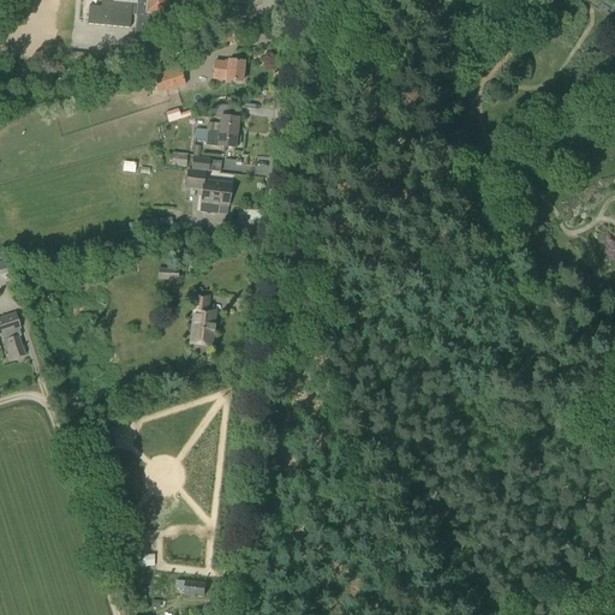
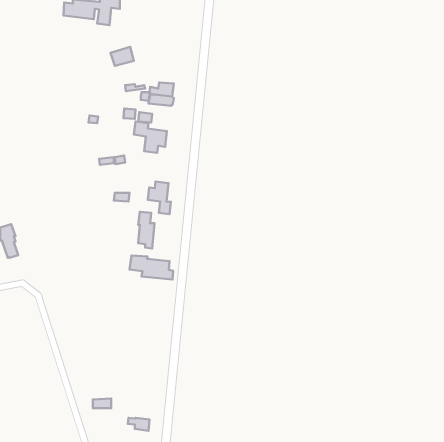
building: [214,59,244,80] -> none
building: none -> [148,182,171,214]
building: none -> [130,255,173,280]

